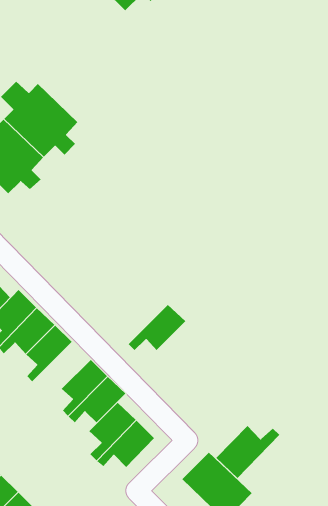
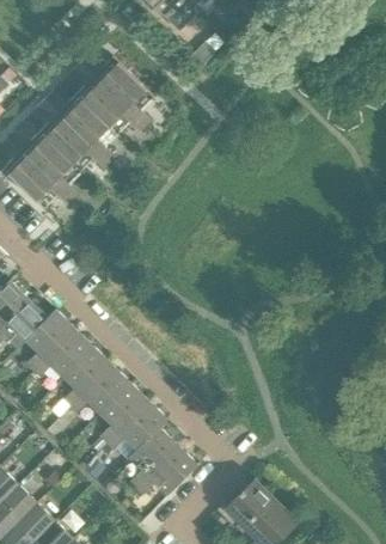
building: none -> [72,55,154,135]
building: [128,304,186,351] -> [69,365,130,414]
building: [216,425,280,479] -> none

